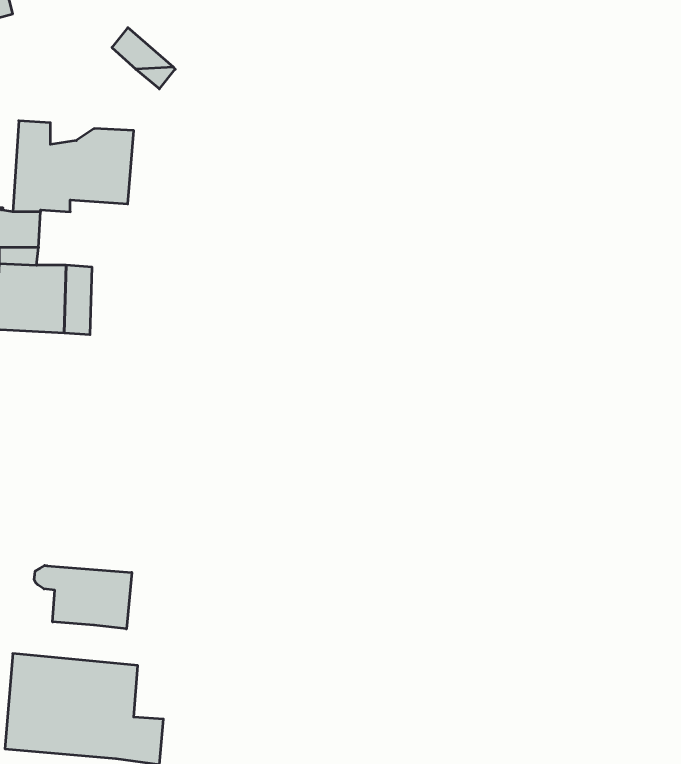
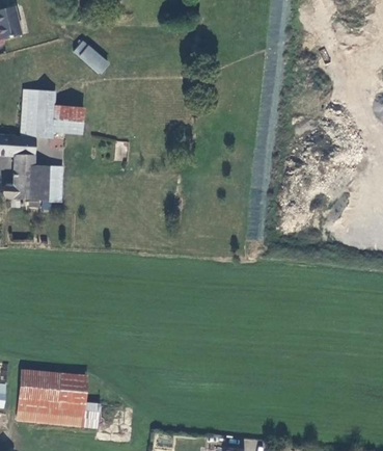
building: [34,565,132,629] -> none

